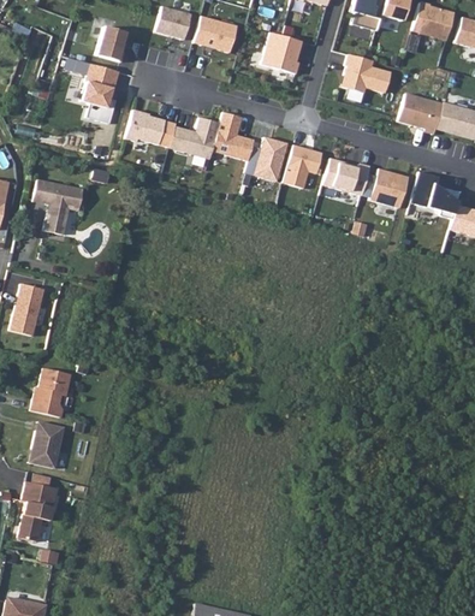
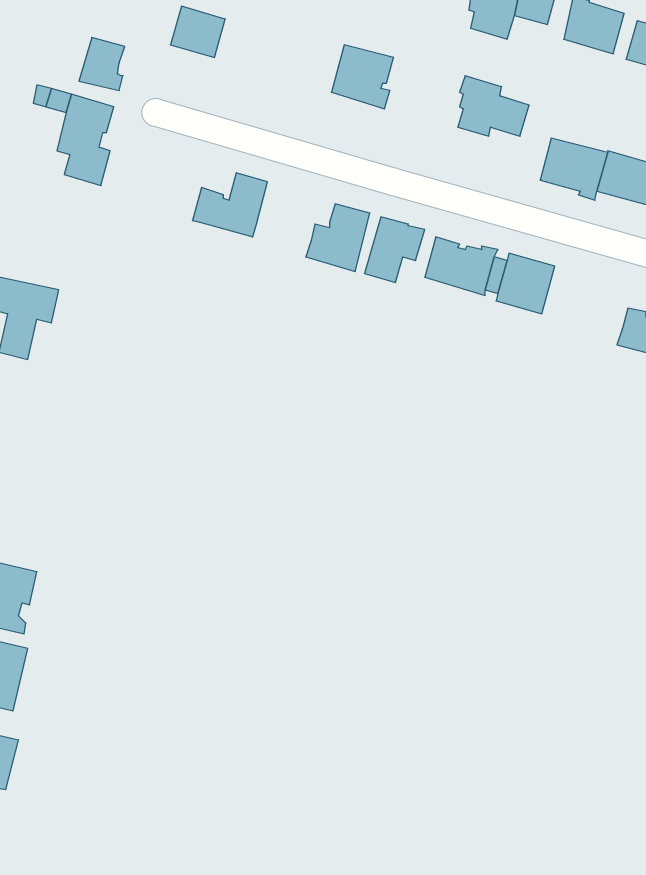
building: [195,16,238,52] -> none
building: [126,109,177,148] -> none
building: [213,111,255,160] -> none
building: [410,171,461,218] -> none

